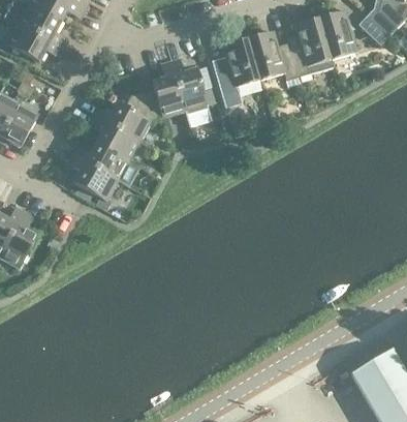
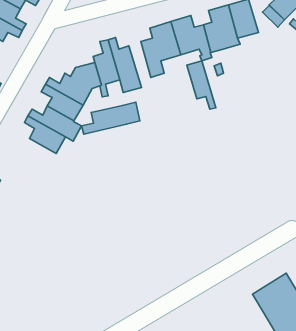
building: none -> [187,61,216,109]
building: none -> [81,102,140,134]

